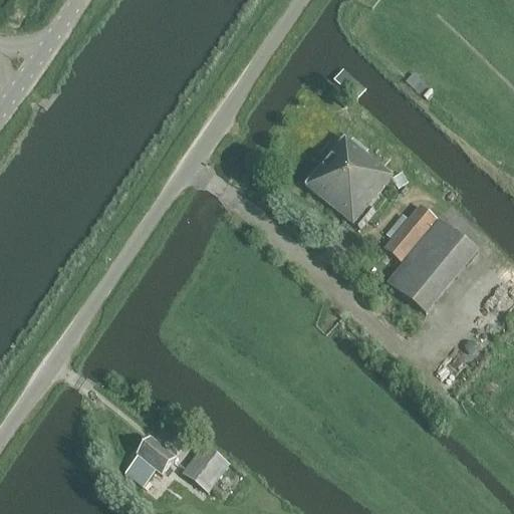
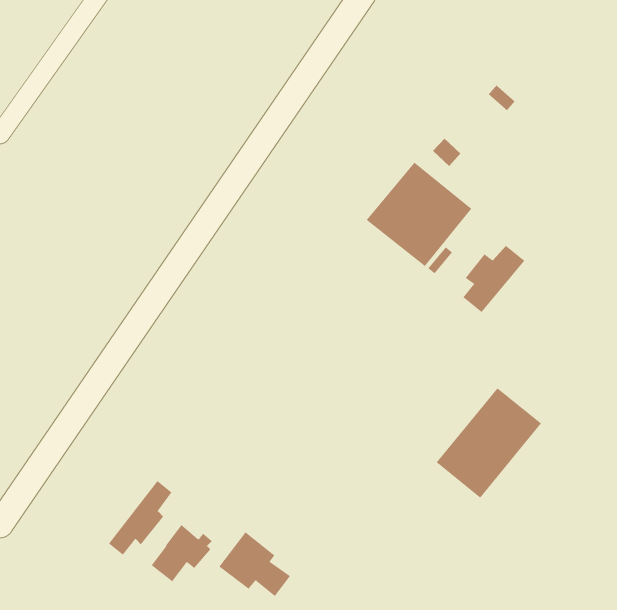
building: [389,219,477,311] -> [436,387,542,499]
building: none -> [108,480,172,556]

